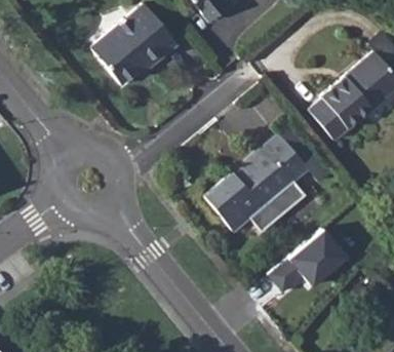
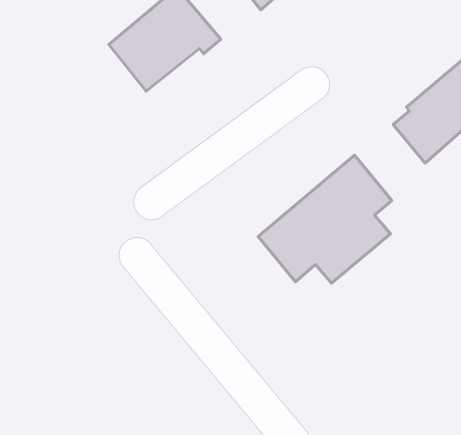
building: [271,227,354,294] -> none

